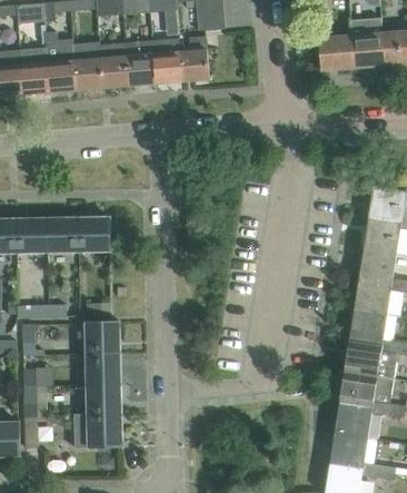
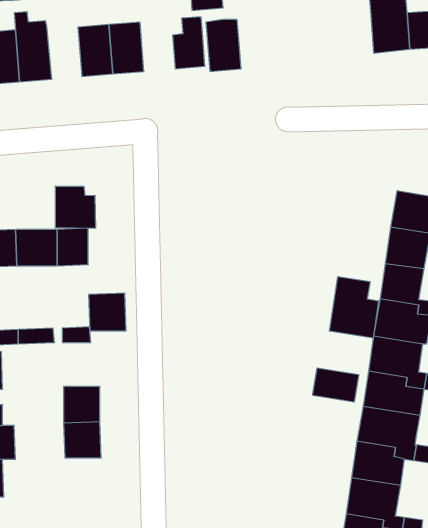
building: [320,34,354,69] -> none
building: [153,38,183,82] -> [206,20,241,72]
building: [73,41,103,89] -> none
building: none -> [55,186,95,228]
building: none -> [330,277,378,338]
building: [87,321,119,353] -> [89,293,126,331]
building: none -> [312,368,359,402]
building: [79,414,121,445] -> none

